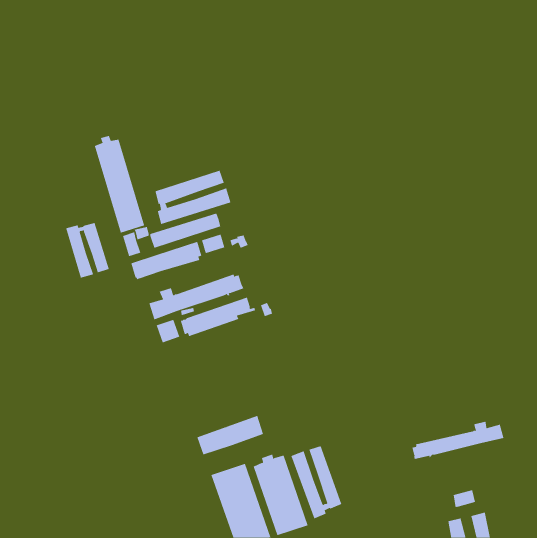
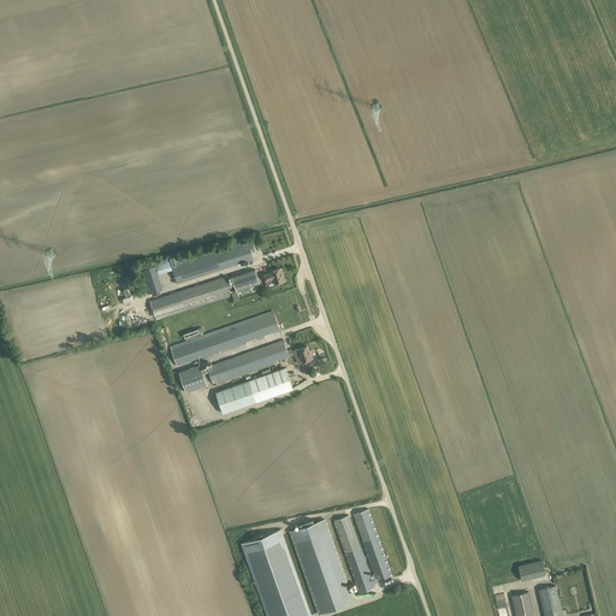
building: [94,135,145,234] -> none
building: [155,170,231,225] -> none
building: [65,222,109,279] -> none
building: [197,415,264,455] -> [214,367,291,413]
building: [412,421,504,460] -> none

